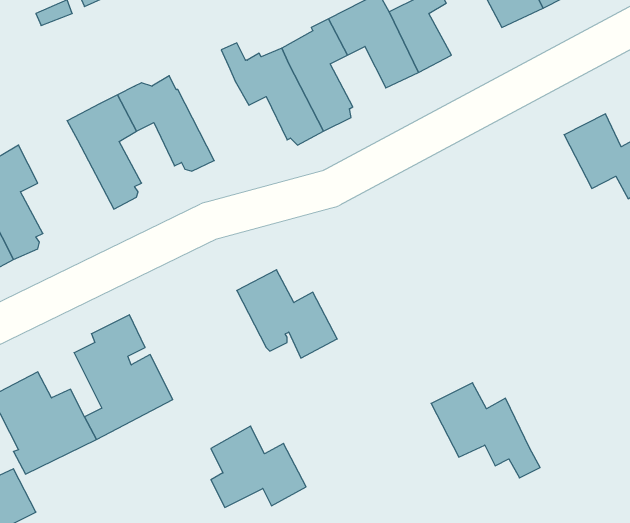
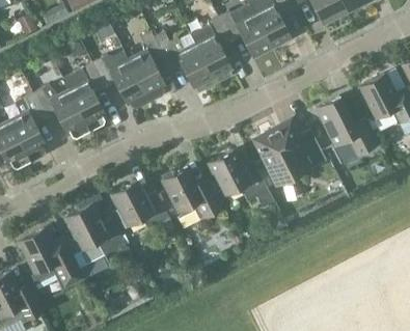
building: none -> [128,32,165,102]
building: none -> [32,84,89,138]
building: none -> [316,96,379,164]
building: none -> [254,121,325,185]
building: [431,383,540,478] -> [209,150,274,208]
building: [211,426,306,507] -> [112,181,169,229]

